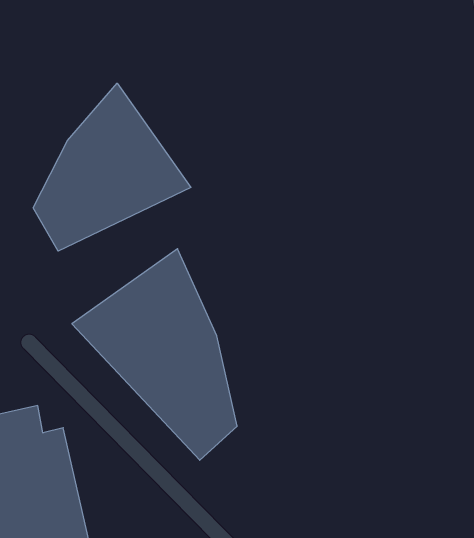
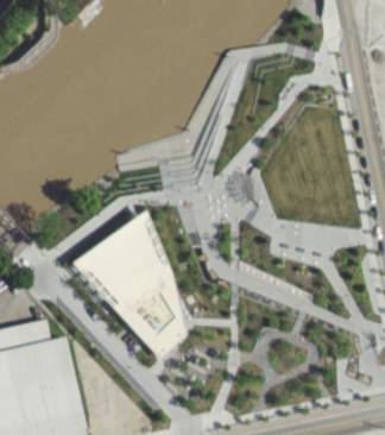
building: [33,83,191,251] -> none

